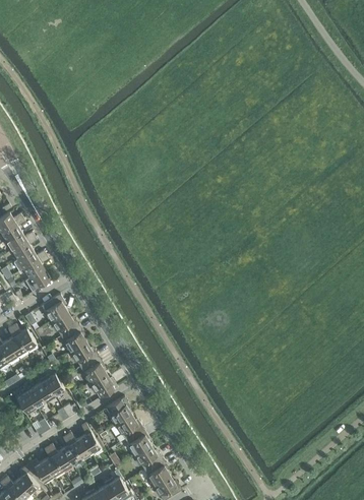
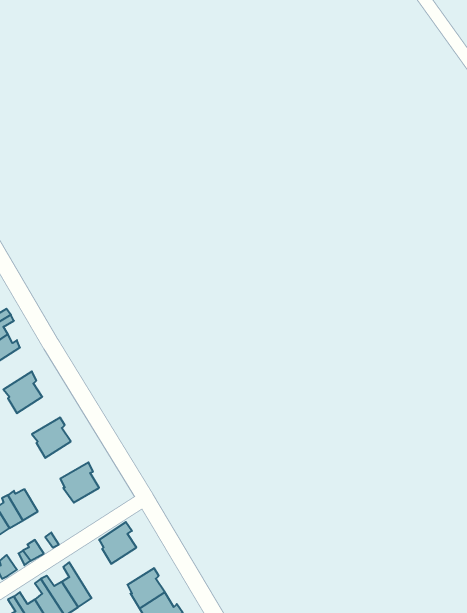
building: [50,312,79,337] -> none
building: [69,342,99,368] -> none
building: [88,374,118,399] -> none
building: [114,415,143,440] -> none

